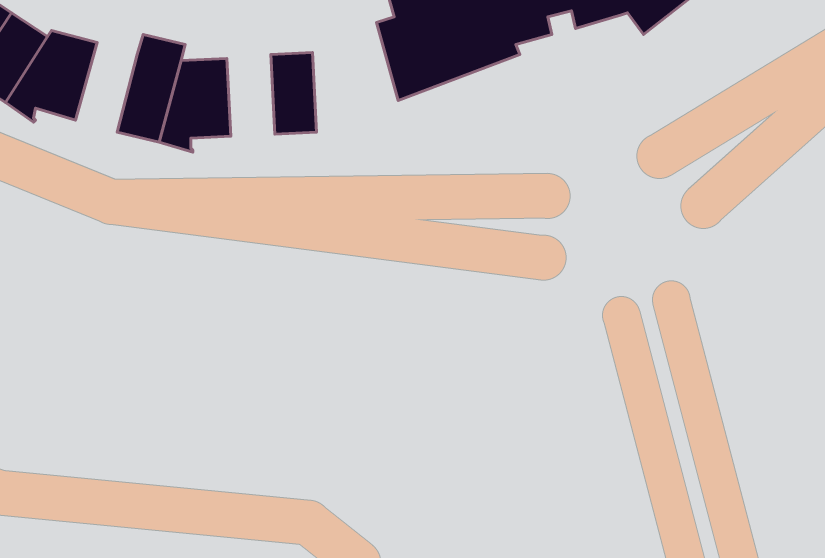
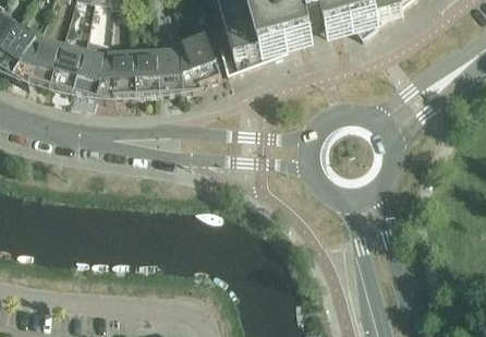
building: none -> [181,34,221,91]
building: none -> [51,41,85,91]
building: none -> [134,48,160,93]

